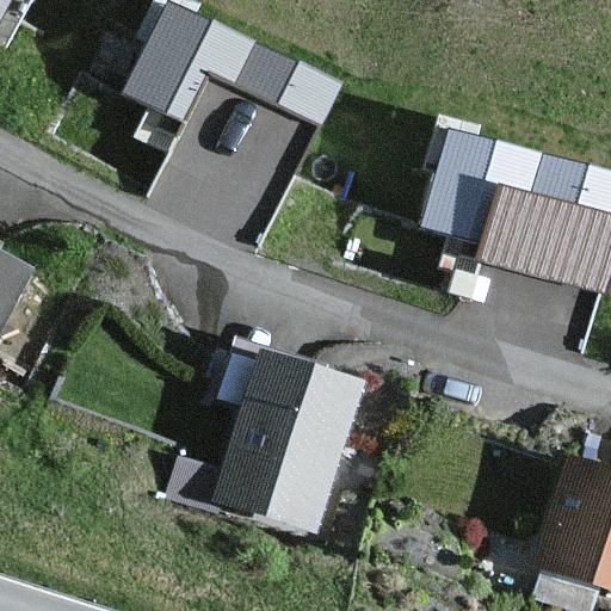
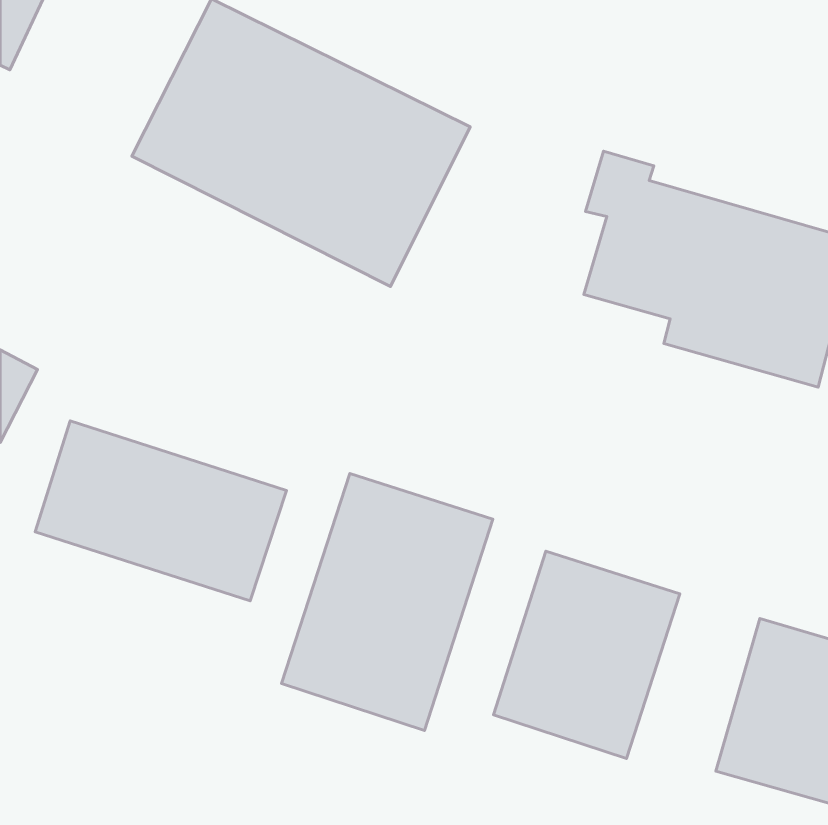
building: none -> [35,421,286,601]
building: none -> [493,551,680,758]

